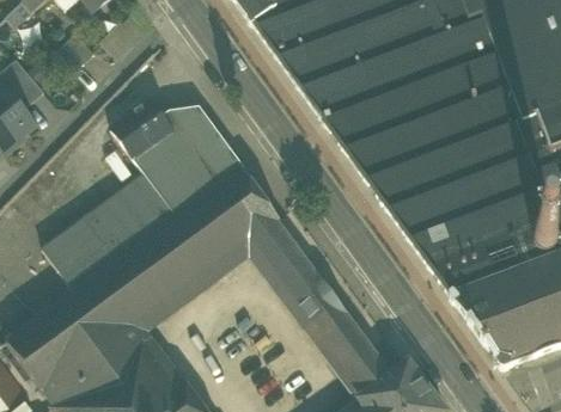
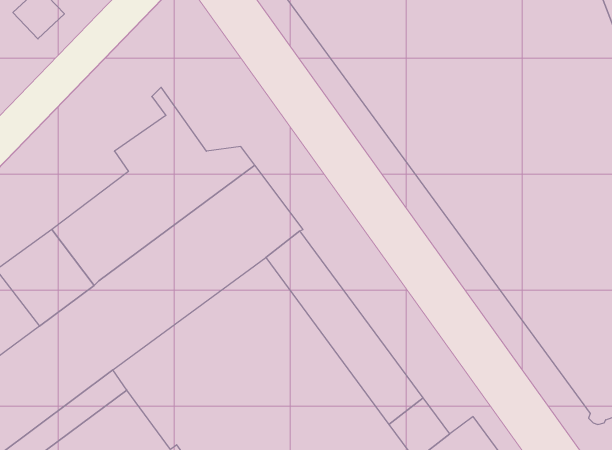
building: [110,99,172,158] -> none
building: [169,104,244,168] -> none

